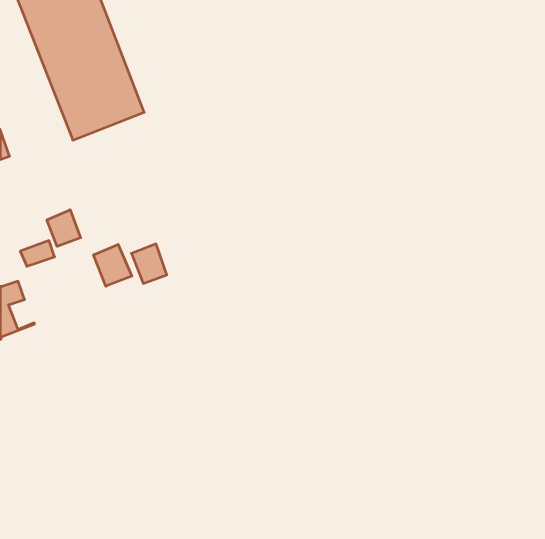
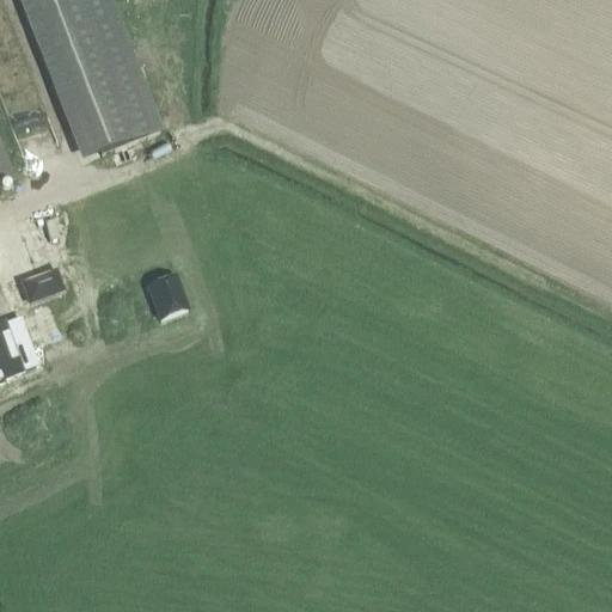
building: [47,210,81,246] -> none
building: [94,244,132,286] -> none

